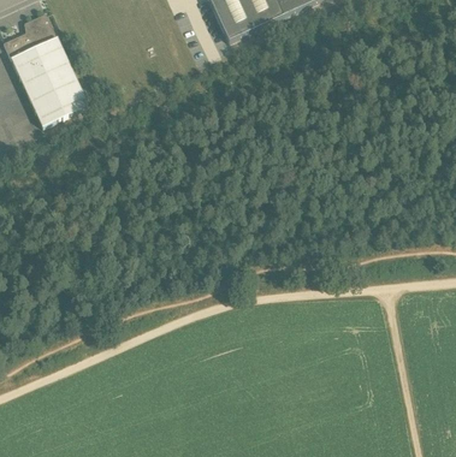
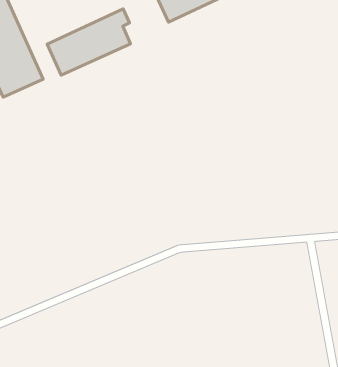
building: none -> [47,9,131,75]

